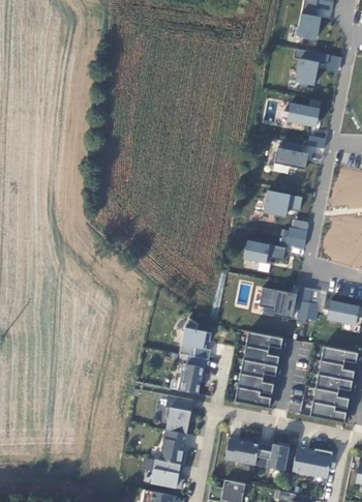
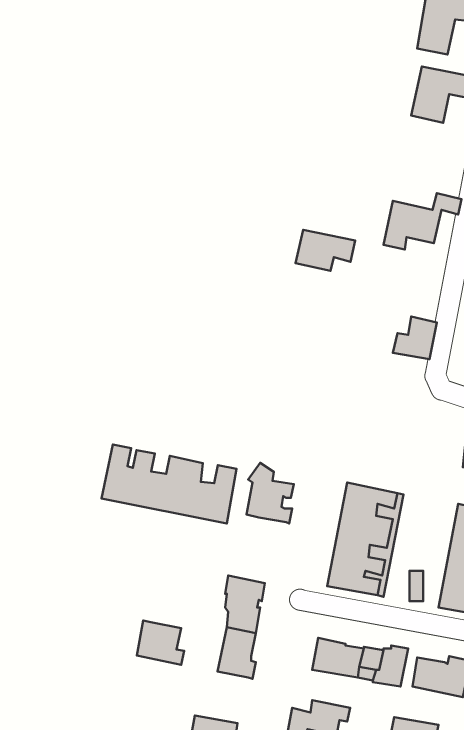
building: [285,99,322,127] -> none
building: [262,189,302,217] -> [296,230,355,271]
building: [243,241,285,272] -> none
building: [260,288,322,321] -> none
building: none -> [101,444,236,523]
building: [178,355,207,393] -> none
building: [151,459,183,489] -> [137,621,184,665]

